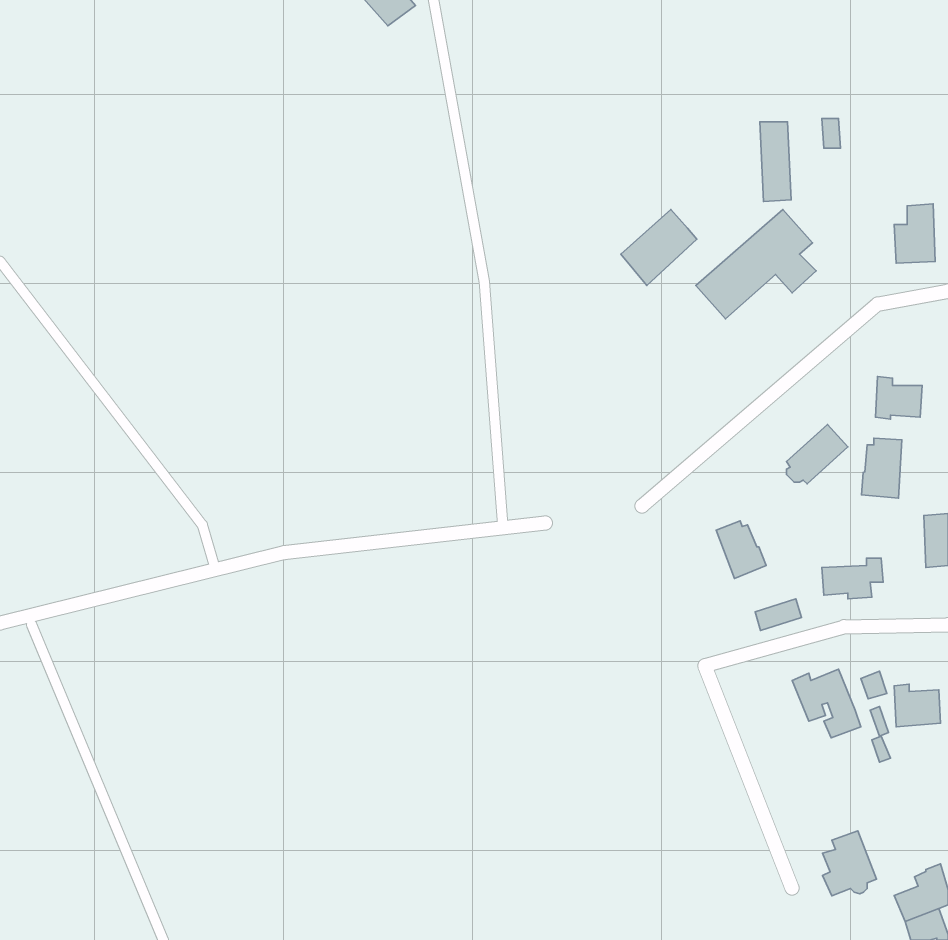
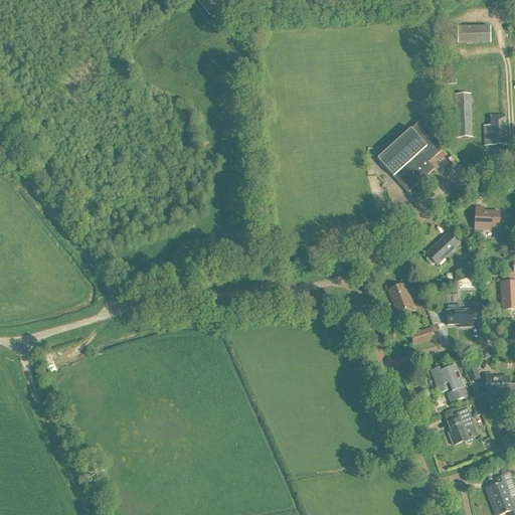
building: none -> [458,24,490,41]
building: [760,122,791,202] -> [456,92,473,135]
building: [621,210,697,286] -> [393,149,435,190]
building: [861,438,902,498] -> none
building: [823,831,876,896] -> [448,407,477,443]

